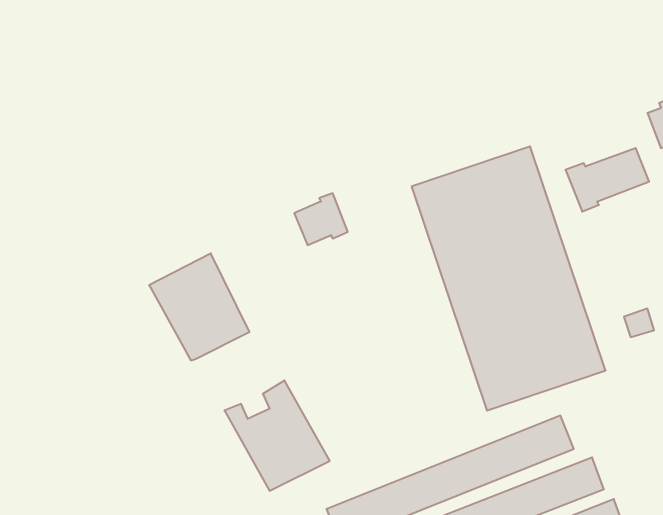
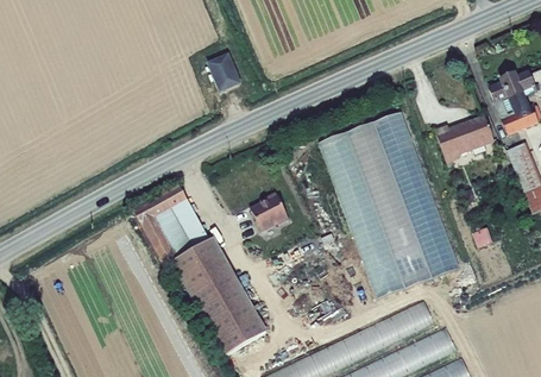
building: none -> [213,56,244,92]
building: [294,193,348,245] -> [250,200,288,237]
building: none -> [169,239,232,303]

